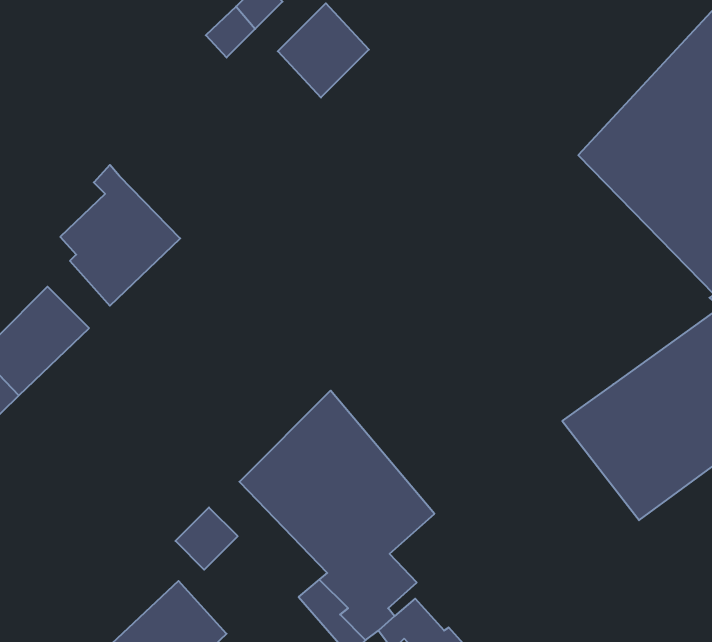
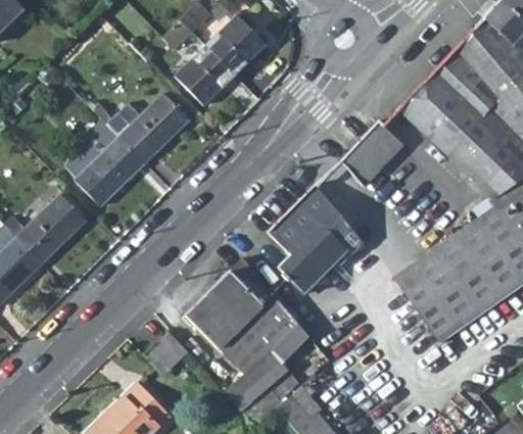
building: none -> [177,43,236,102]
building: none -> [107,91,191,162]
building: none -> [341,120,400,182]
building: none -> [268,185,360,294]

